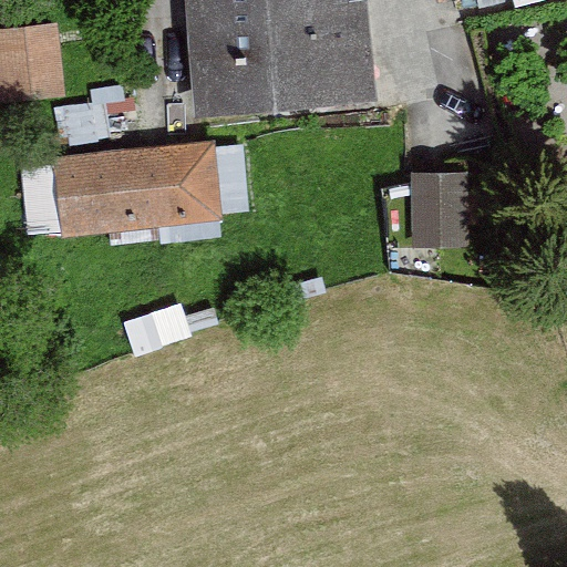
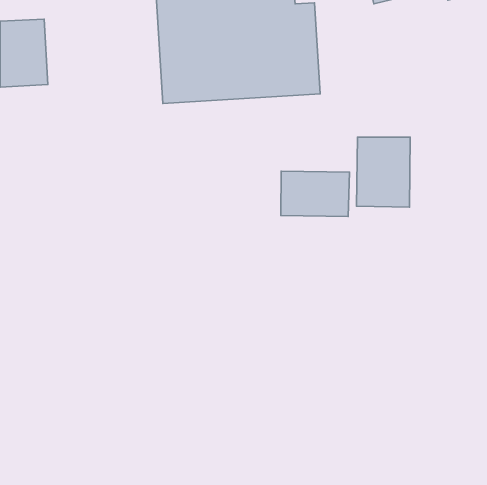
building: [51,142,216,235] -> none
building: none -> [281,171,349,217]

